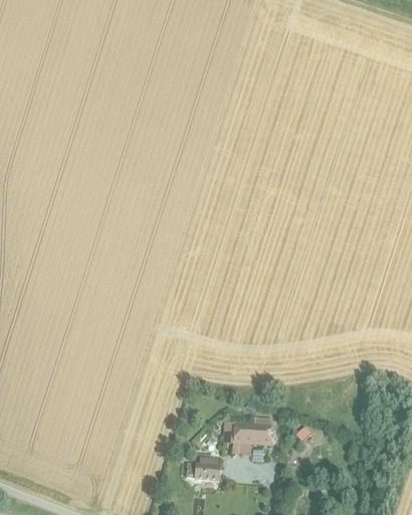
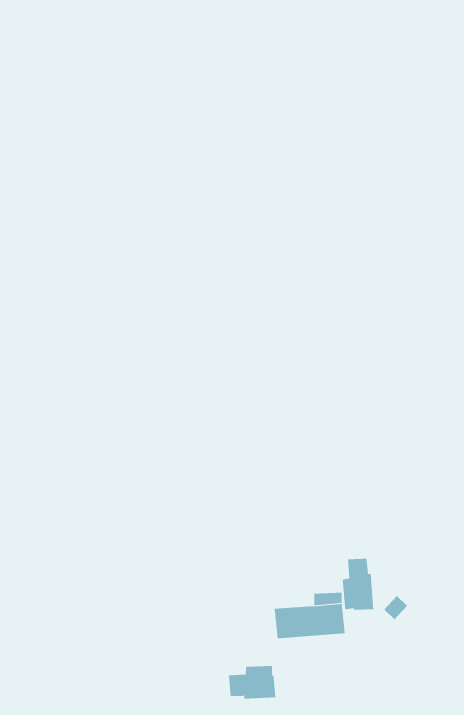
building: none -> [342,558,374,611]

